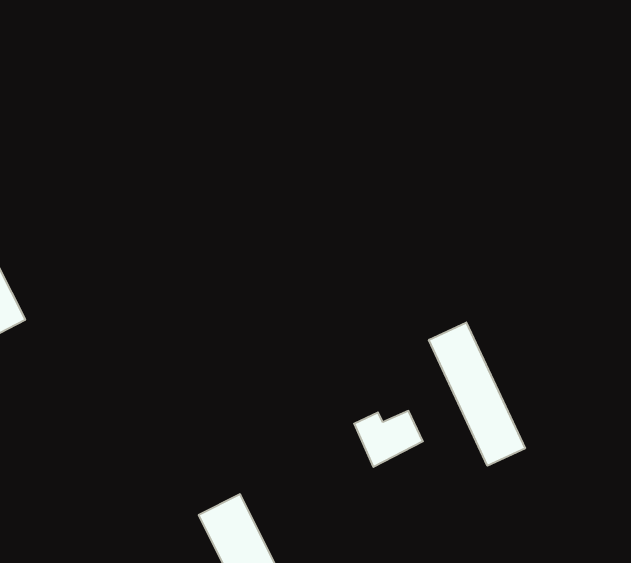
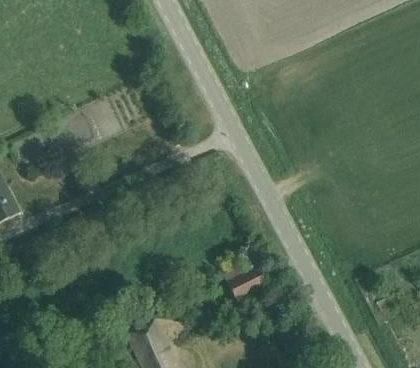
building: [429,322,525,466] -> none

